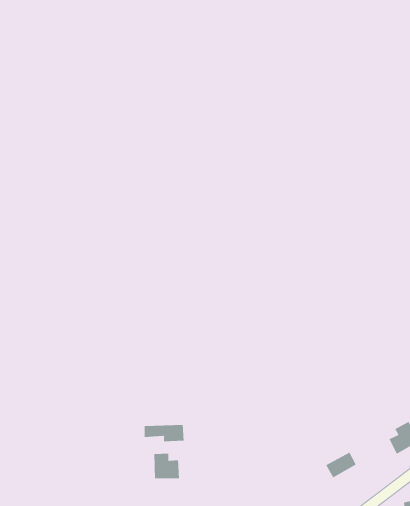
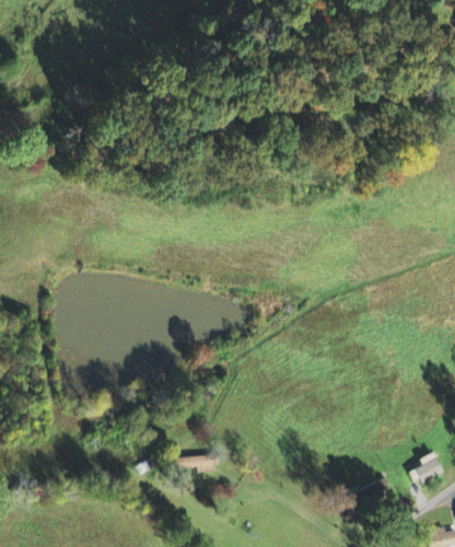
building: [154,453,180,479] -> none

